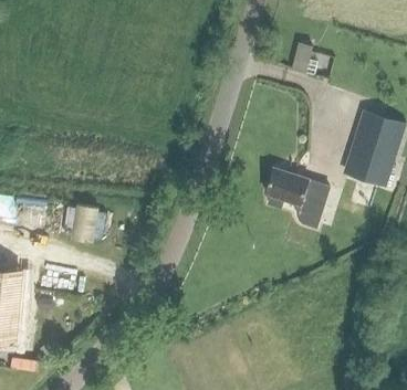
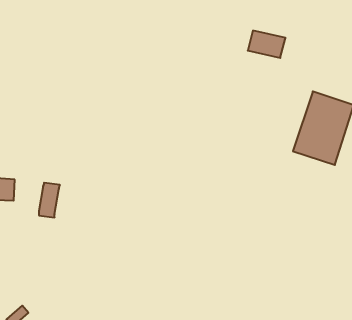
building: [264,169,328,228] -> none

